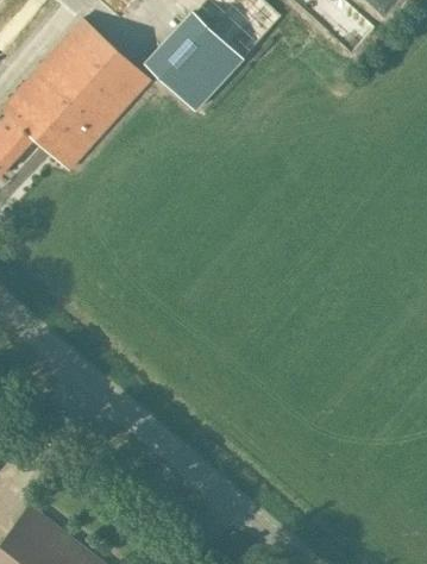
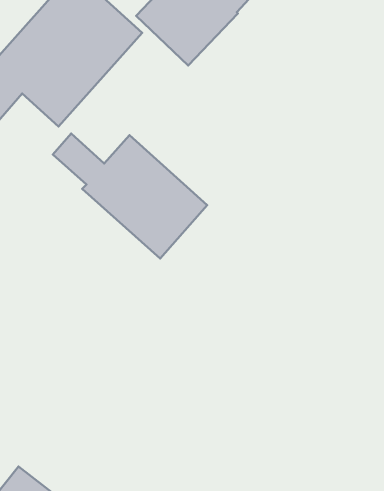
building: none -> [53,134,207,259]

